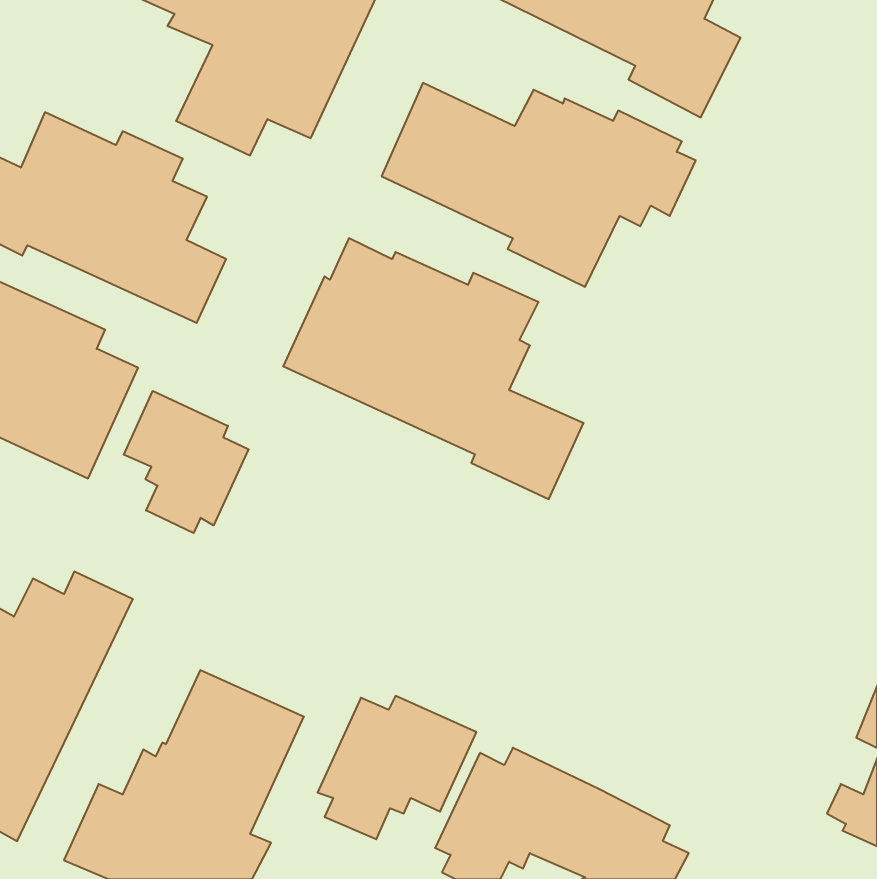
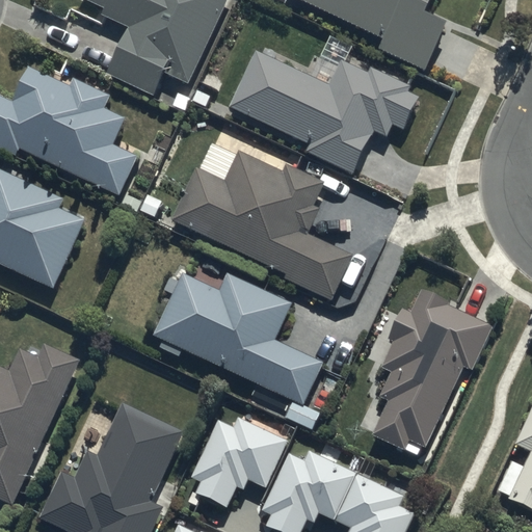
building: [124,391,249,533] -> none
building: none -> [152,271,322,404]
building: none -> [371,289,491,450]

